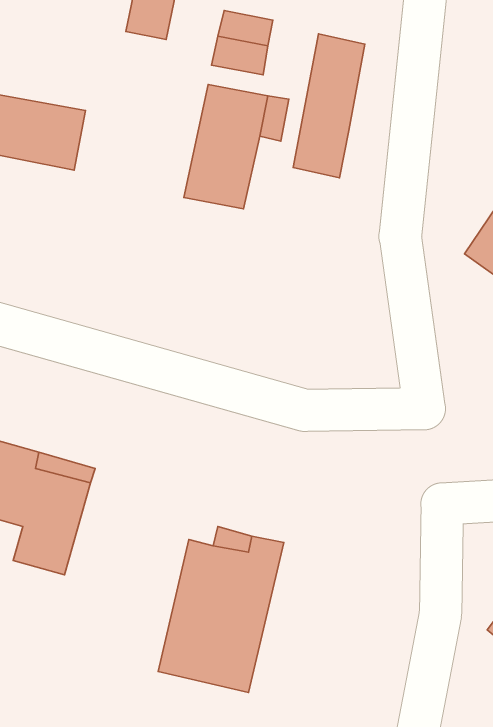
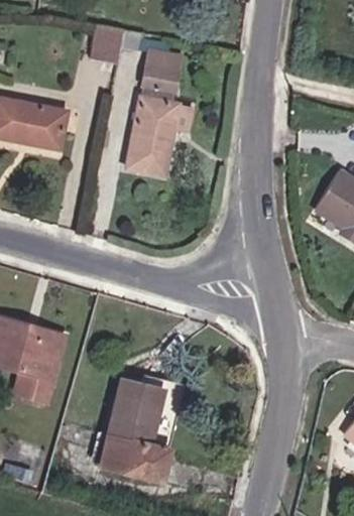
building: [293,34,365,178] -> none

